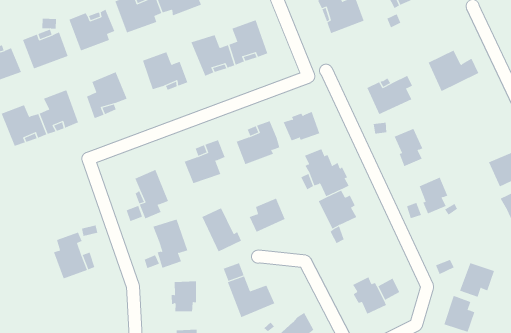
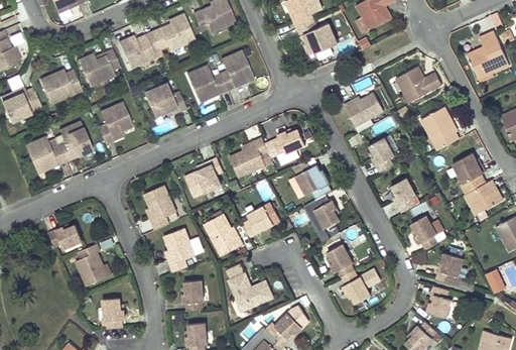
building: none -> [421,106,461,150]
building: none -> [48,226,83,249]
building: none -> [410,216,436,248]
building: none -> [326,242,354,277]
building: none -> [104,302,128,328]

